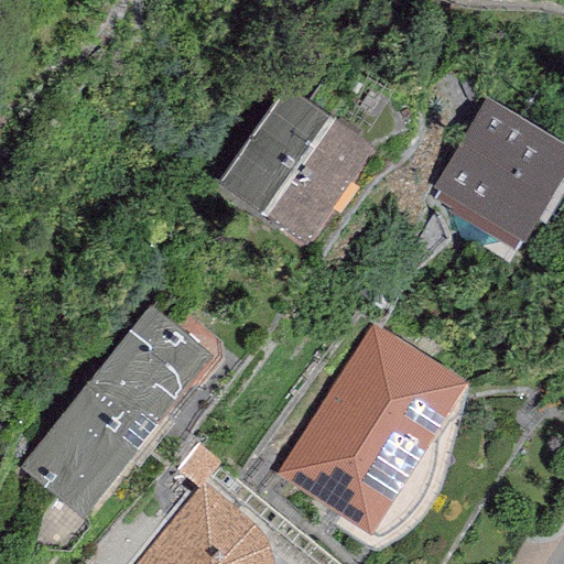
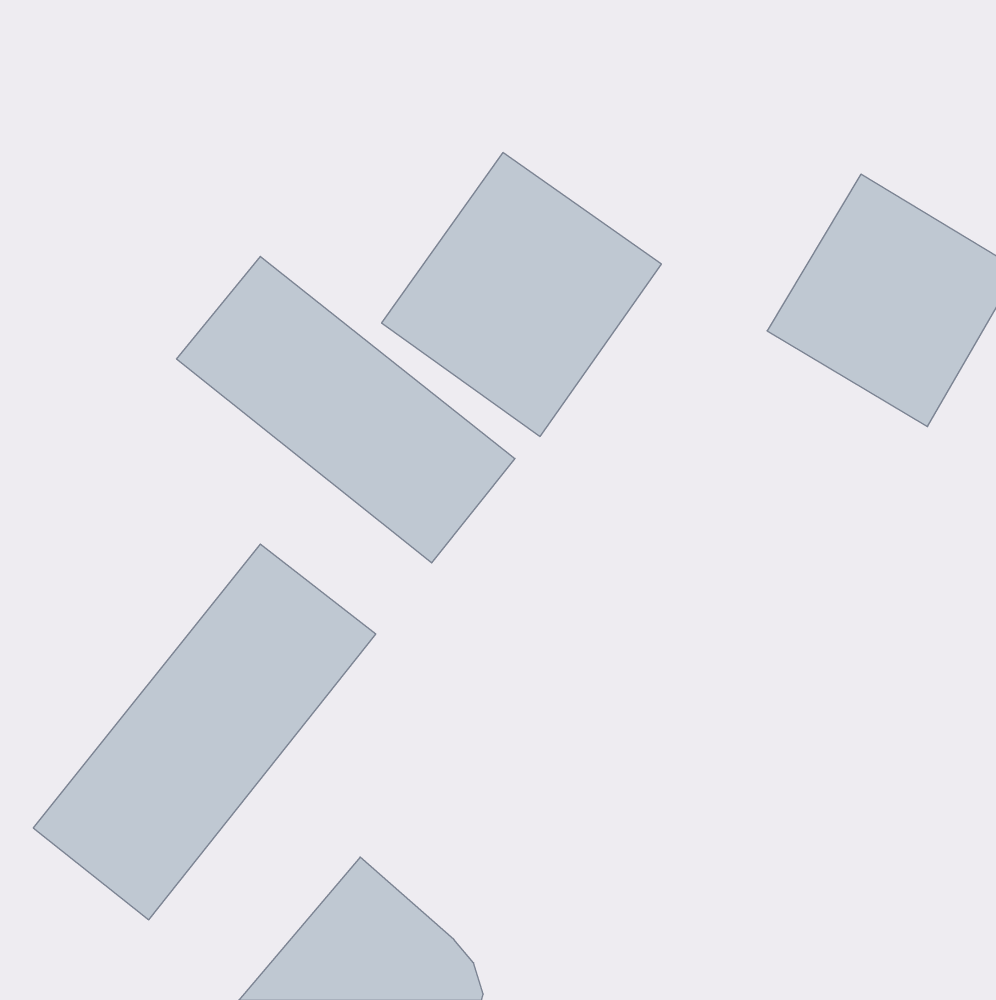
building: none -> [177,256,515,563]
building: [276,325,468,536] -> none

